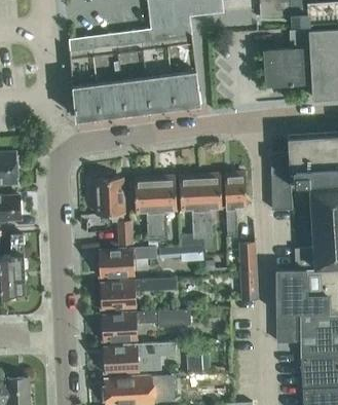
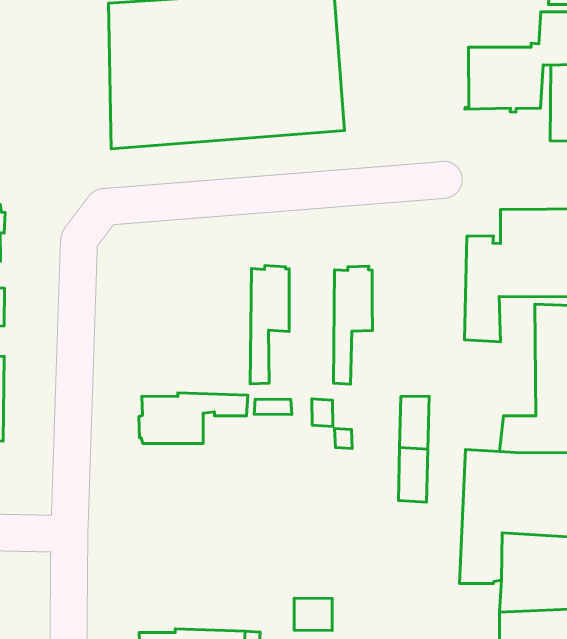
building: [224,173,247,237] -> none
building: [179,176,202,240] -> none
building: [134,178,157,242] -> none
building: [93,179,133,246] -> none
building: [100,279,177,309] -> none
building: [101,310,190,341] -> none
building: [103,343,178,373] -> none

